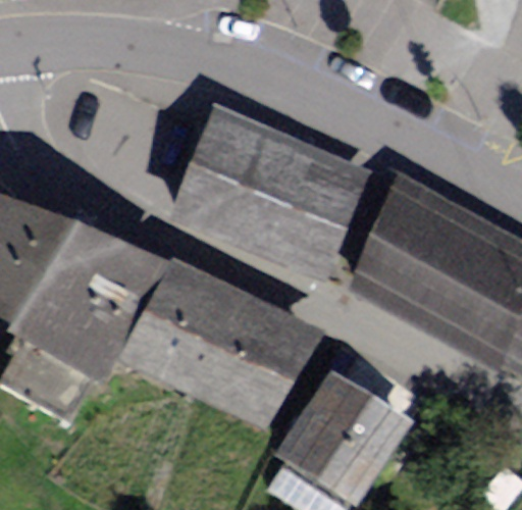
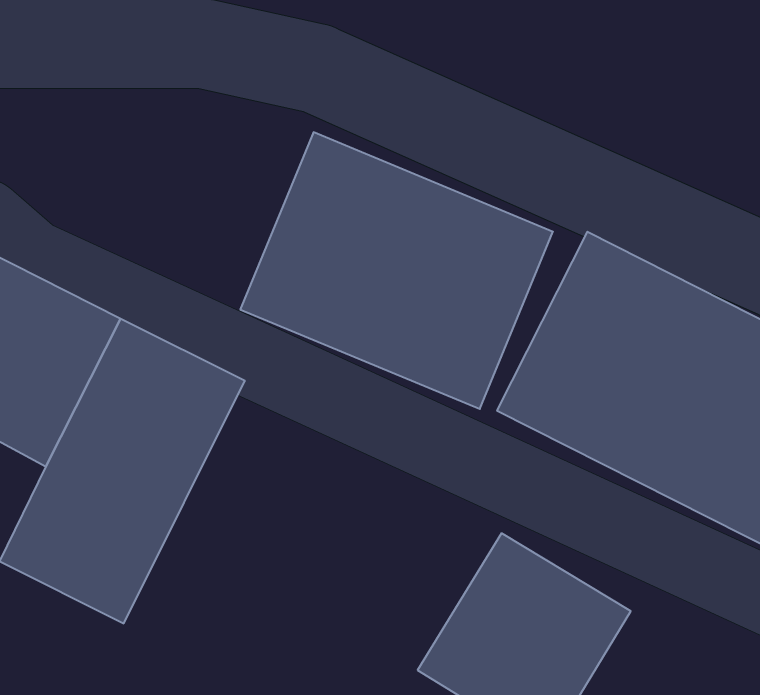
building: [130,266,319,431] -> none

